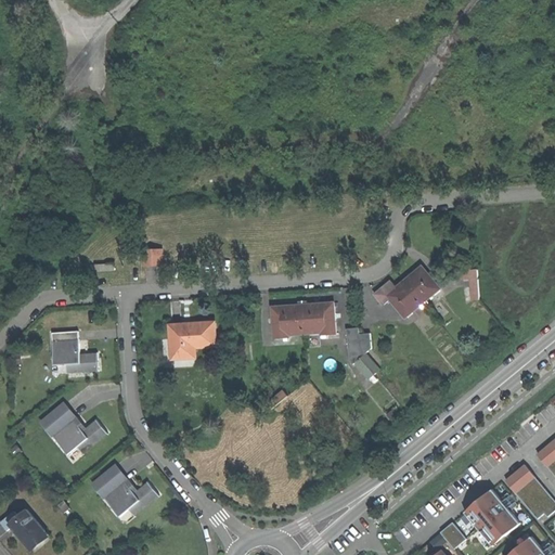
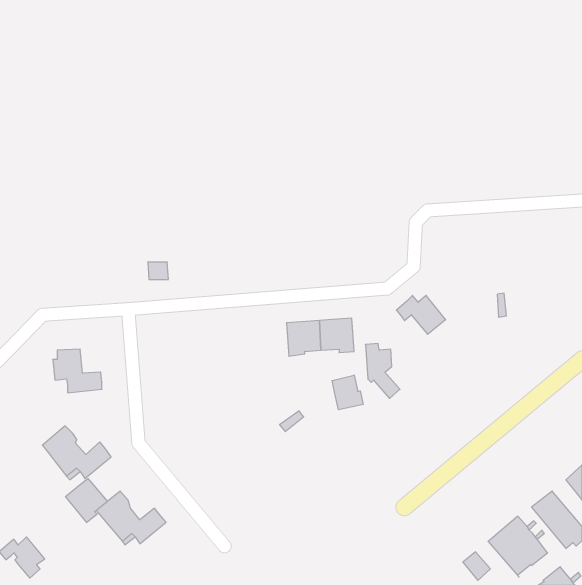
building: [403,266,439,302] -> none
building: [169,320,217,357] -> none
building: none -> [332,375,363,410]
building: none -> [66,479,107,523]

